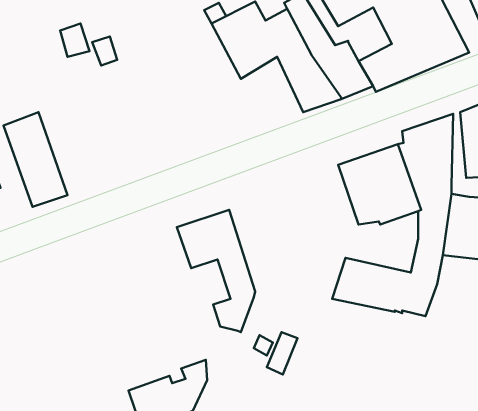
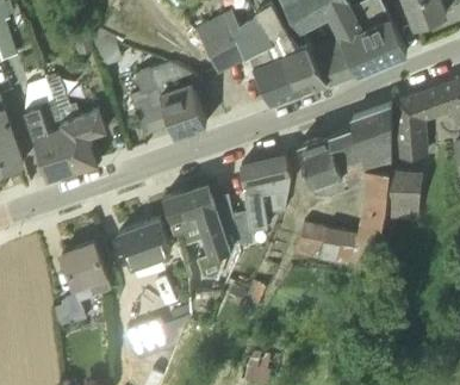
building: none -> [129,63,205,137]
building: none -> [44,75,105,170]
building: none -> [232,154,291,244]
building: none -> [118,218,173,268]
building: none -> [55,242,111,329]

